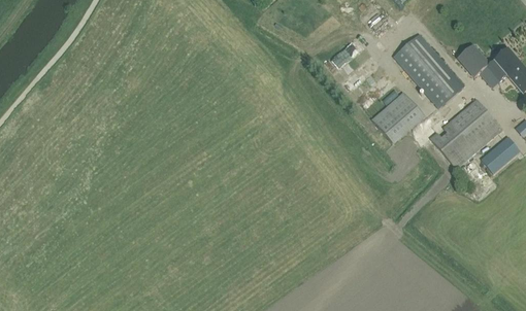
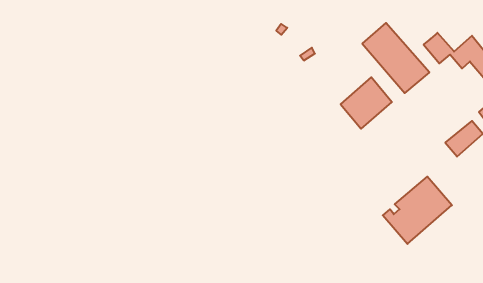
building: [430,98,502,168] -> [383,177,452,244]

